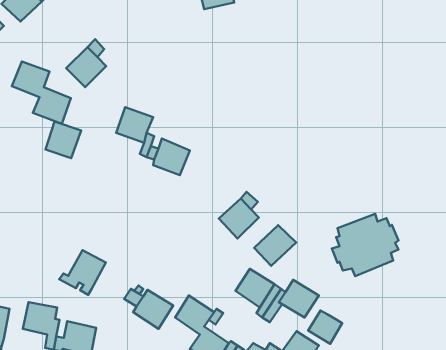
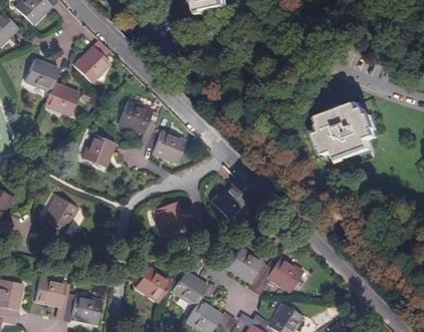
building: [46,122,81,158] -> [81,133,114,167]
building: [332,214,399,276] -> [315,104,376,160]
building: none -> [153,202,185,235]
building: [254,225,296,266] -> none
building: [59,250,106,295] -> [34,197,76,237]
building: [308,311,342,344] -> none

